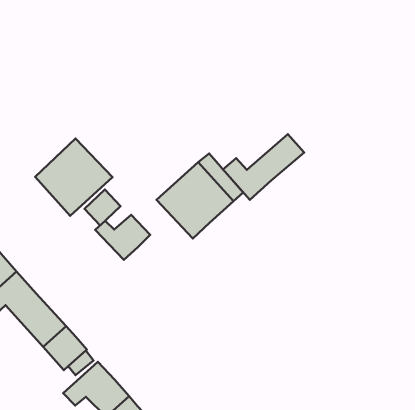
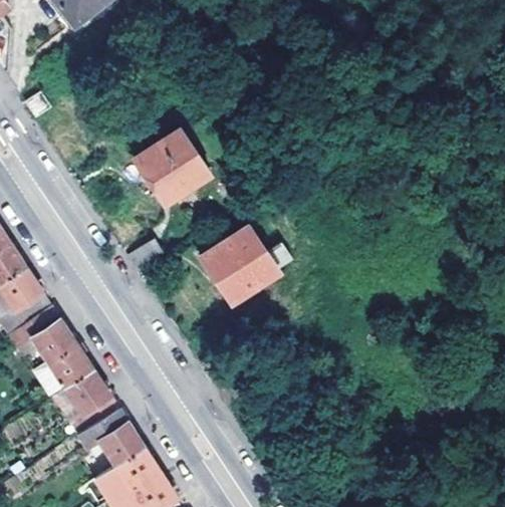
building: [223,134,304,200] -> none
building: [35,138,113,216] -> [135,128,212,204]
building: [95,215,150,260] -> none

